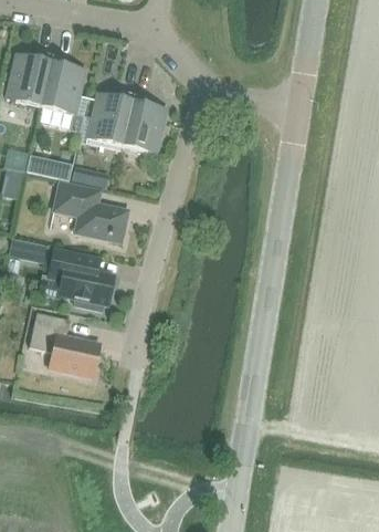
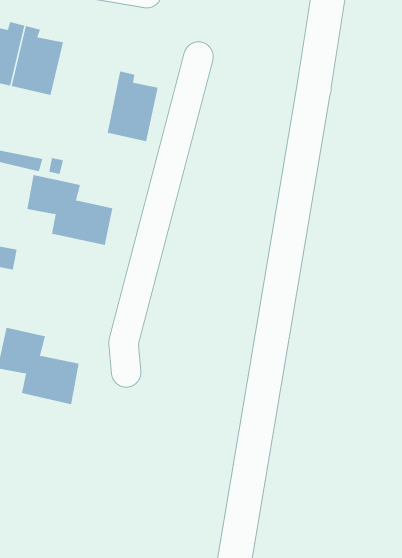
building: [86,91,133,146] -> none
building: [39,249,114,311] -> none

